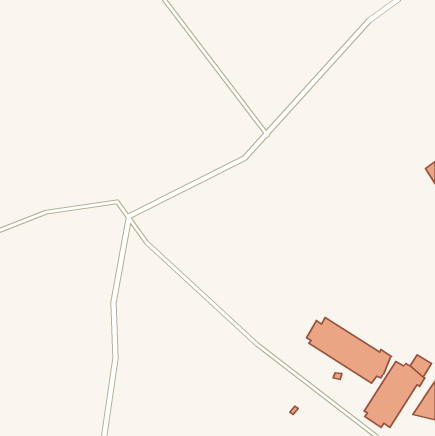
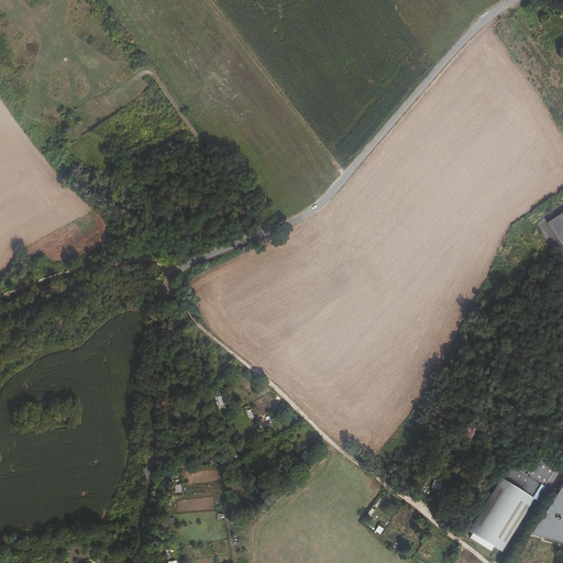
building: [306,318,391,383] -> none

